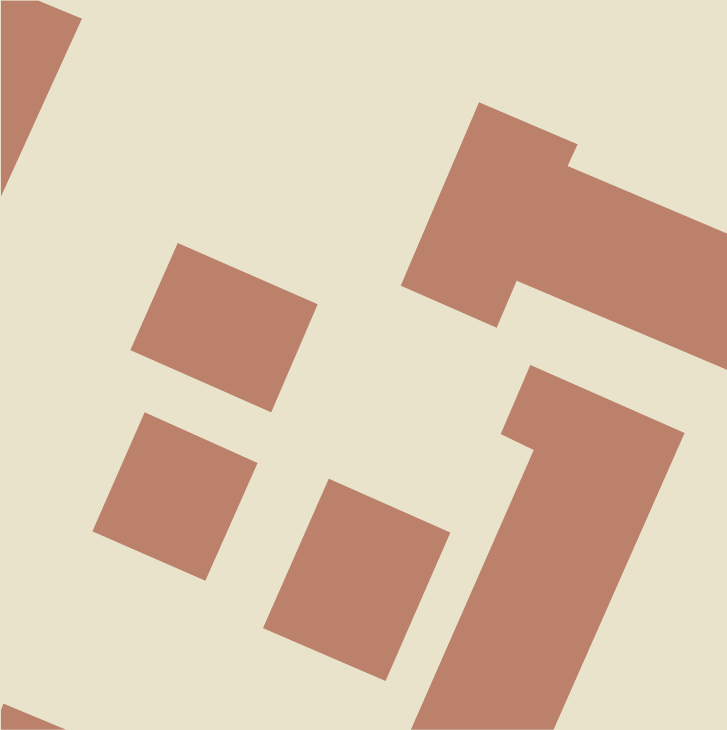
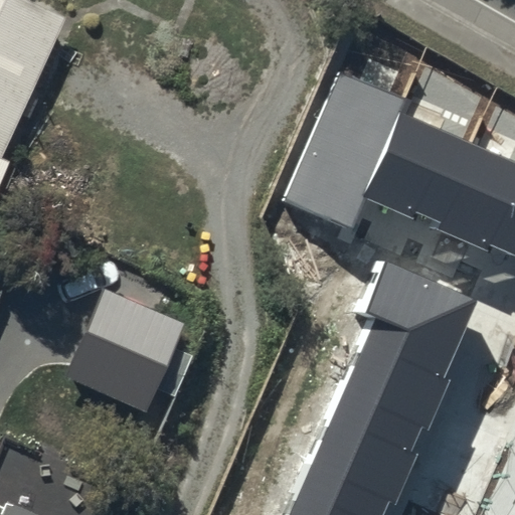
building: [130,242,318,413] -> none
building: [262,478,451,682] -> none

